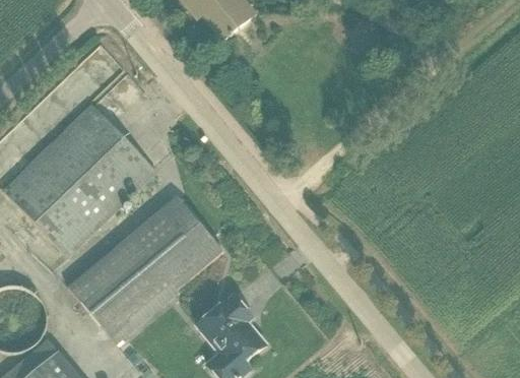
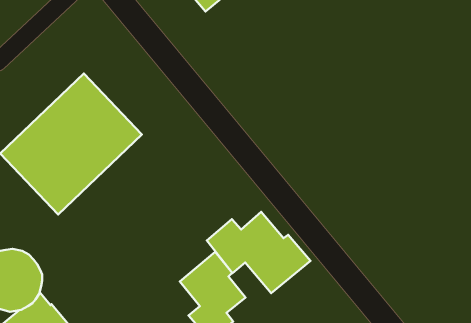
building: [69,196,223,343] -> none
building: none -> [207,212,310,293]

